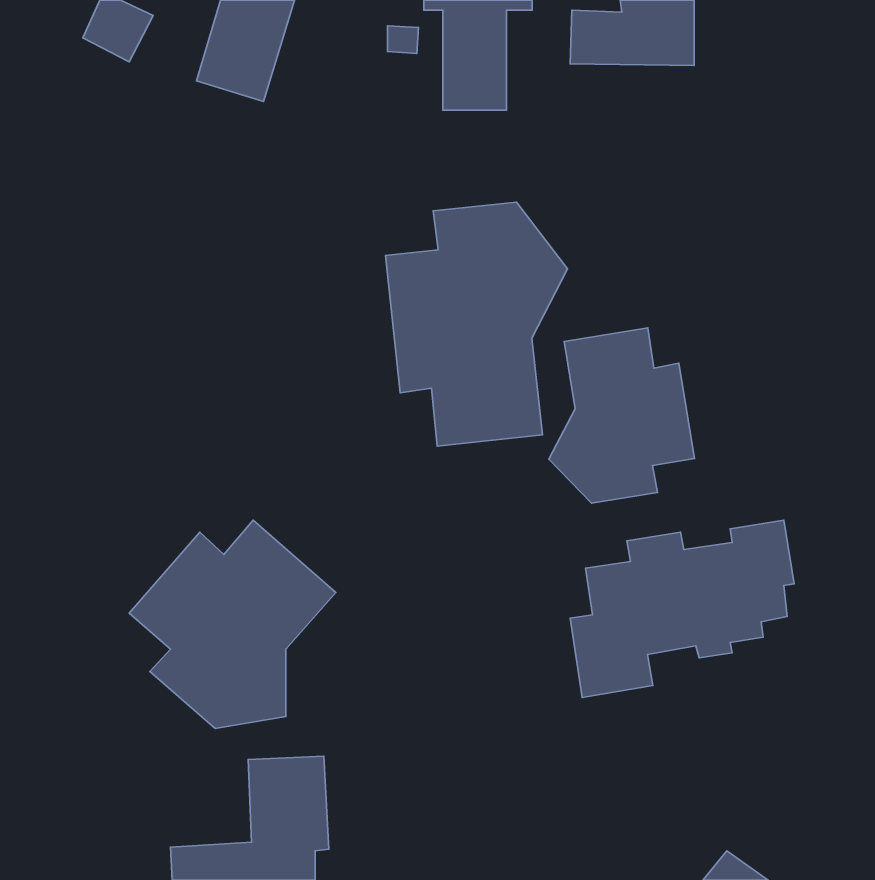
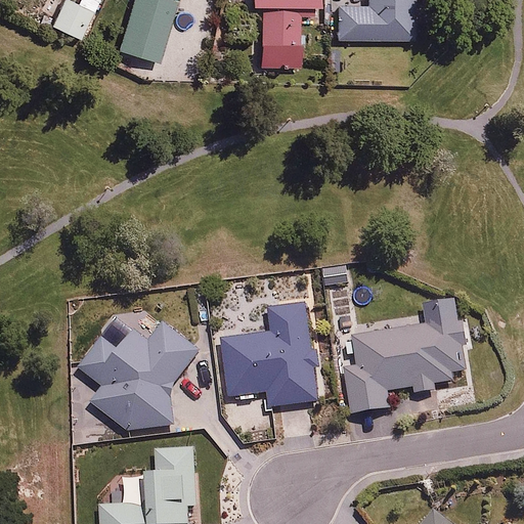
building: [385,202,567,446] -> none
building: [549,328,694,503] -> none
building: none -> [220,303,319,405]

